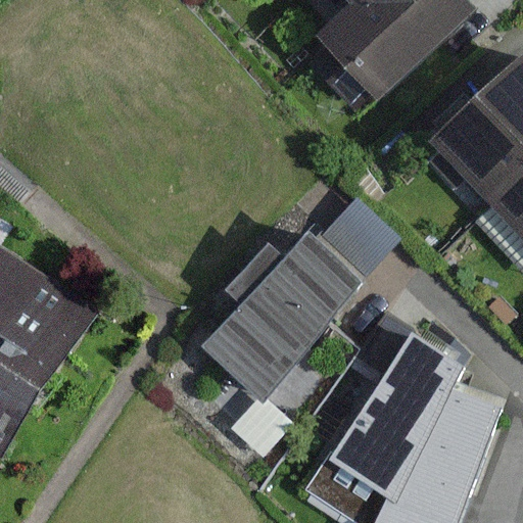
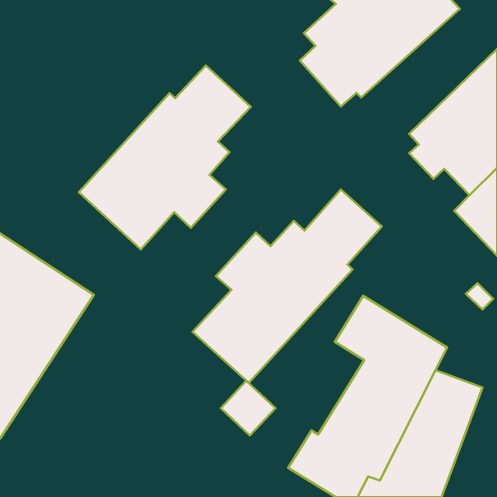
building: none -> [79,65,251,249]

